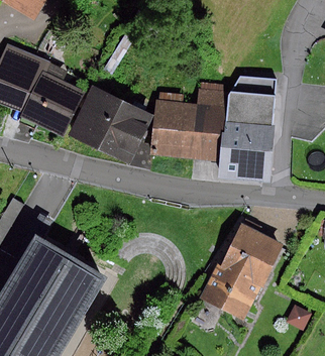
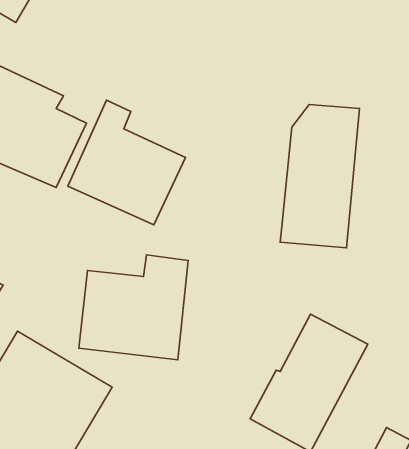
building: [151,89,228,162] -> [79,255,188,360]

